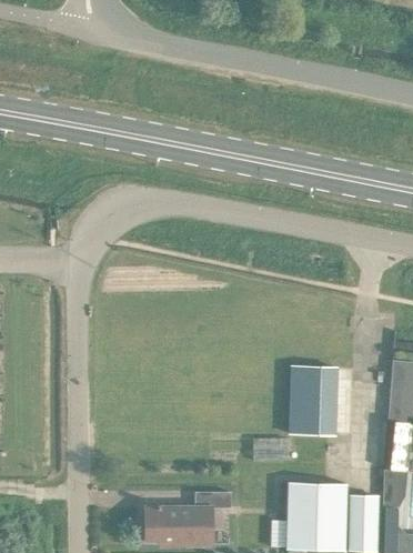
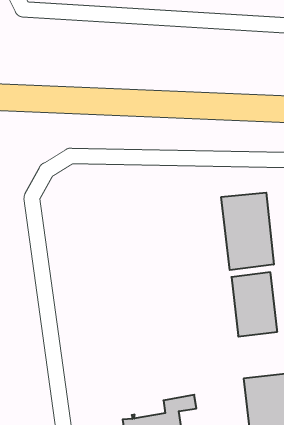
building: none -> [221,193,274,270]

